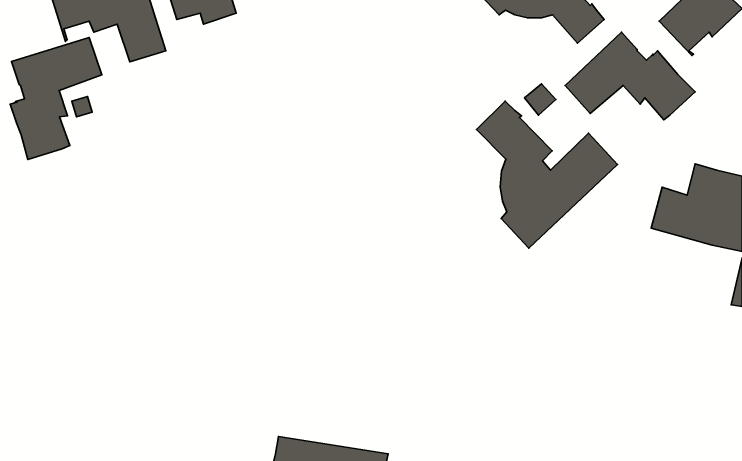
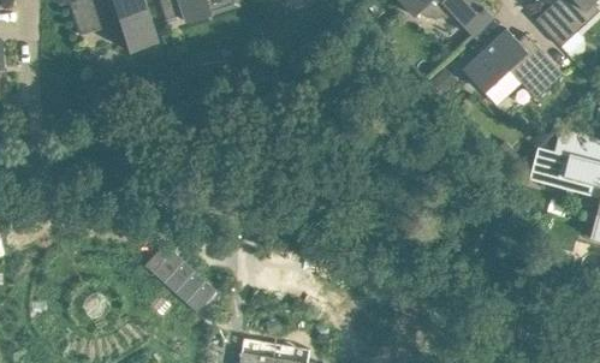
building: [10,37,102,160] -> none
building: [477,101,618,248] -> none
building: none -> [153,251,216,313]

